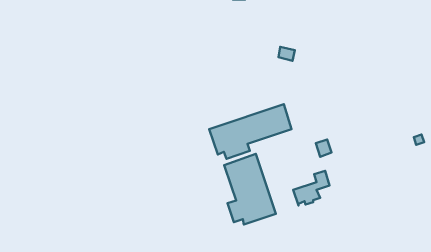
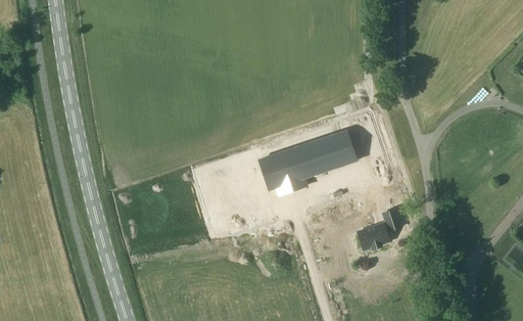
building: [224,154,276,224] -> none

